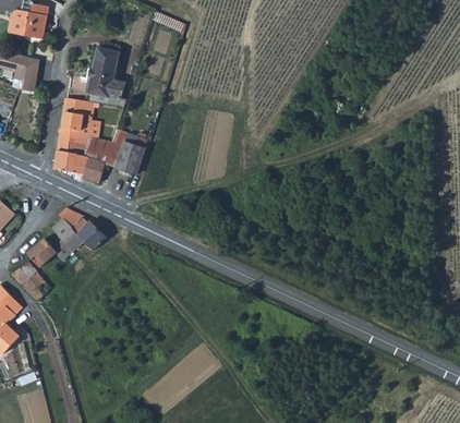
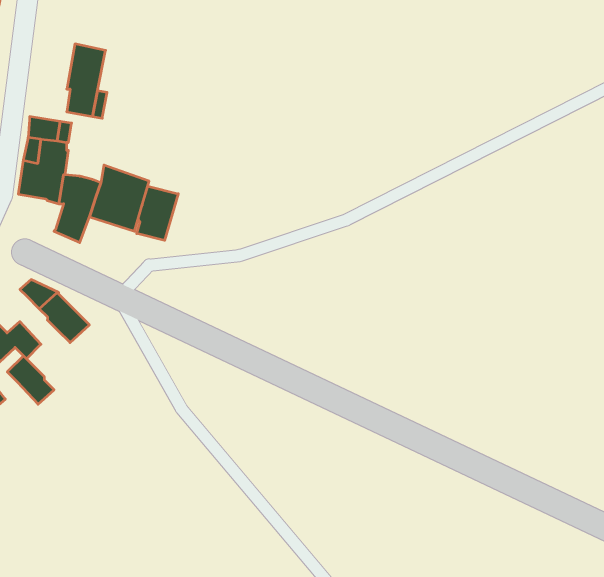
building: none -> [137,186,178,240]
building: [55,149,88,173] -> none
building: [52,218,84,251] -> [7,356,54,404]

